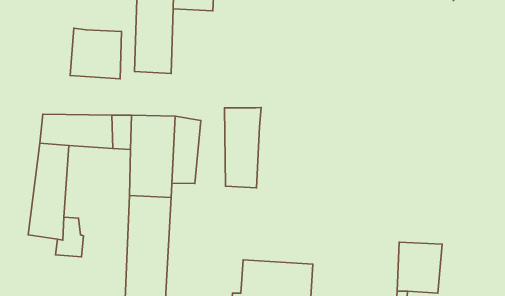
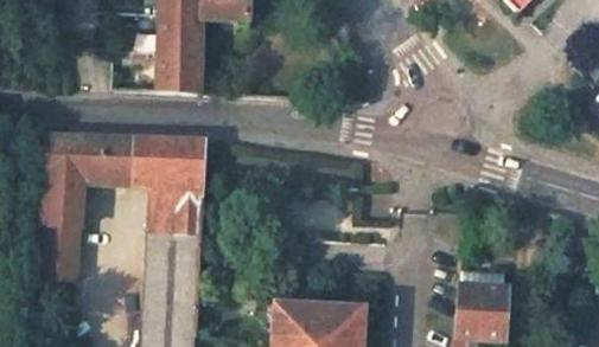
building: [70,28,122,79] -> none
building: [224,107,261,188] -> none
building: [172,116,201,183] -> none

